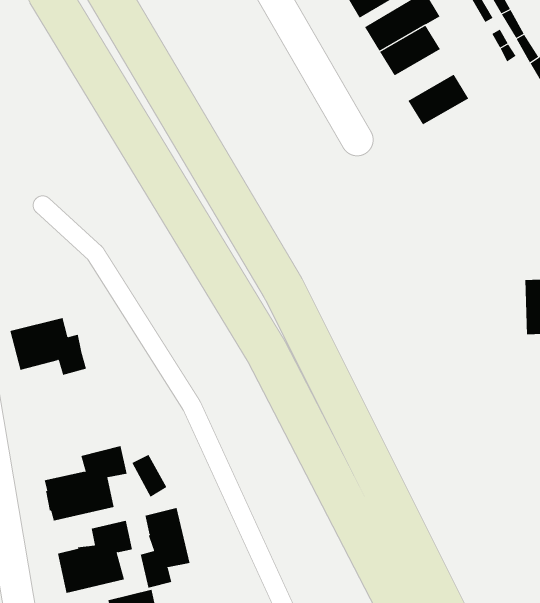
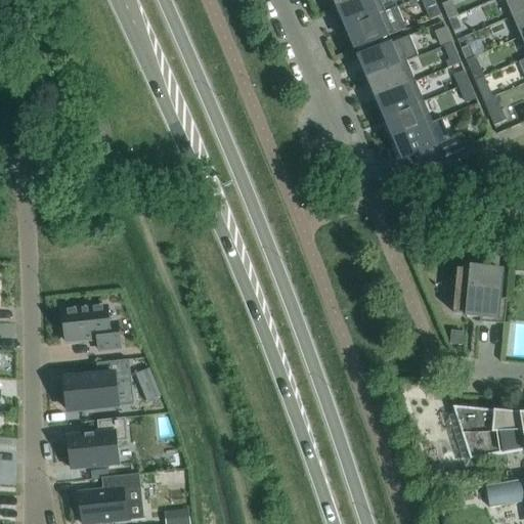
building: none -> [377,81,424,118]
building: none -> [394,122,465,165]
building: [10,318,87,376] -> [63,305,120,350]
building: [140,507,190,589] -> none

